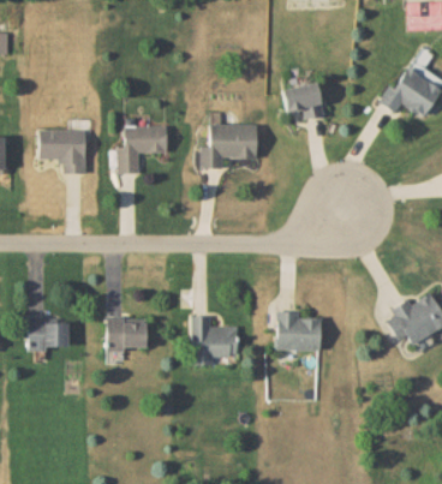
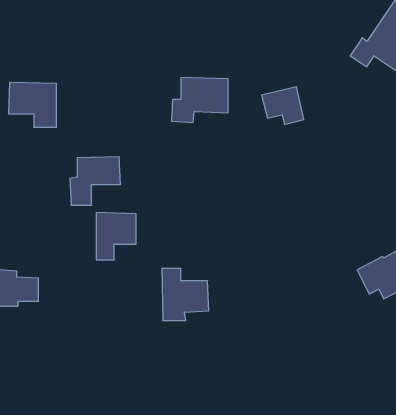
building: [282,83,324,120] -> [262,87,304,124]
building: [118,126,168,174] -> [70,157,121,205]
building: [277,312,322,352] -> none
building: [107,317,147,364] -> [96,213,136,260]

